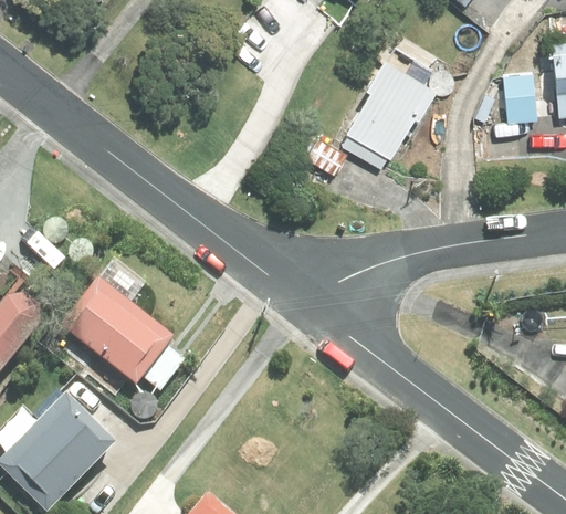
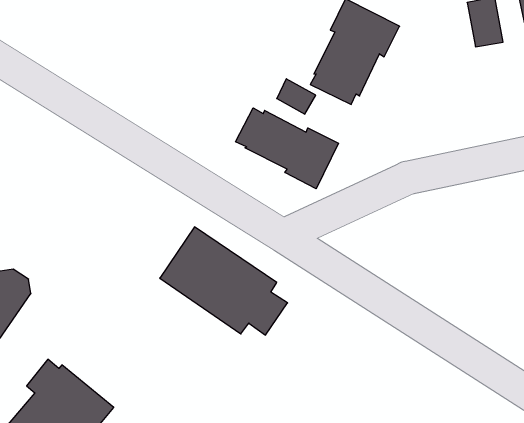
building: none -> [236,108,338,189]
building: [64,277,188,390] -> [160,227,288,335]

